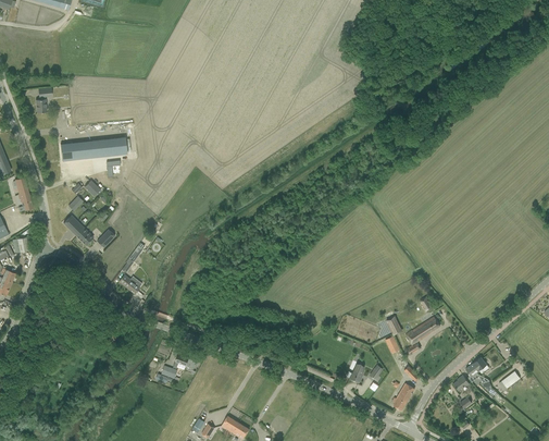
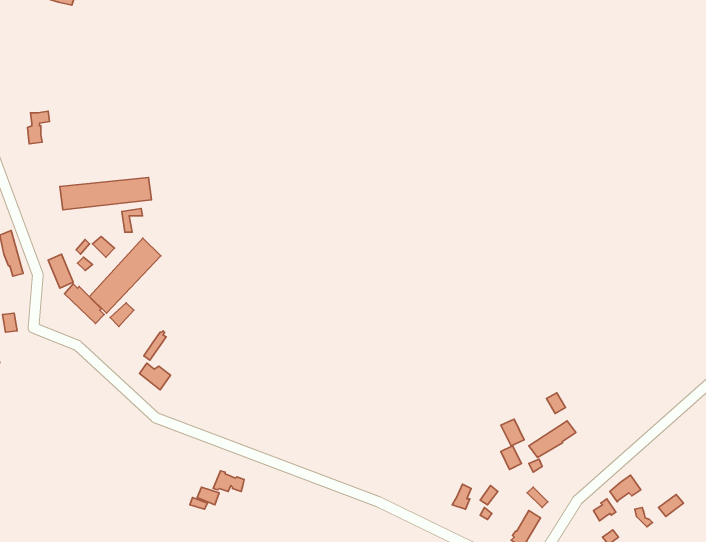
building: none -> [89,238,161,313]

